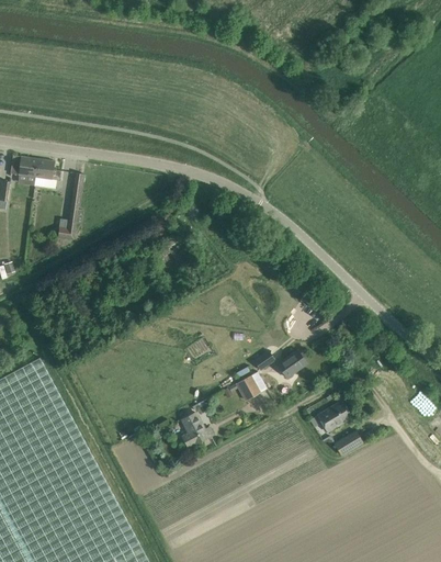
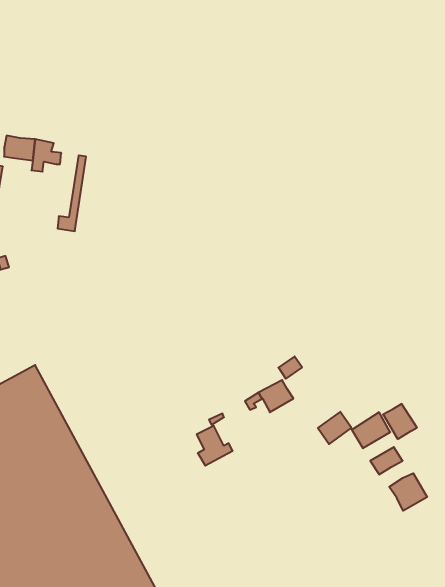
building: [278,349,307,378] -> [318,412,351,444]
building: none -> [383,404,417,439]
building: none -> [389,473,427,511]

